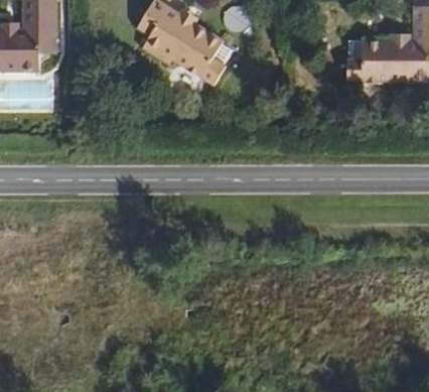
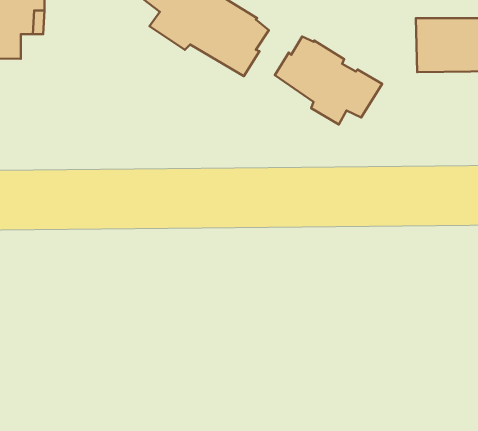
building: none -> [275,37,382,125]

